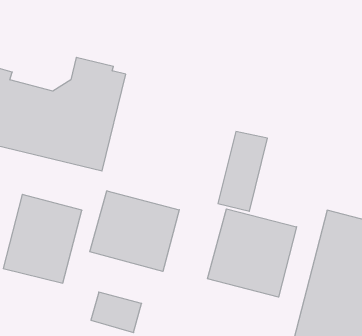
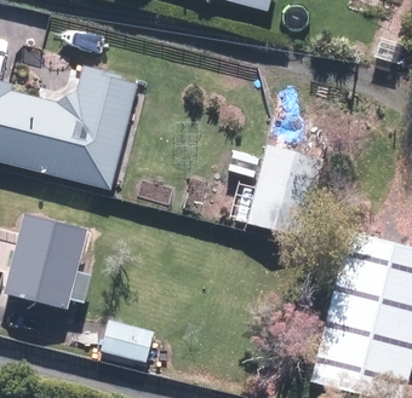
building: [90,191,179,271] -> none
building: [208,209,297,297] -> none

